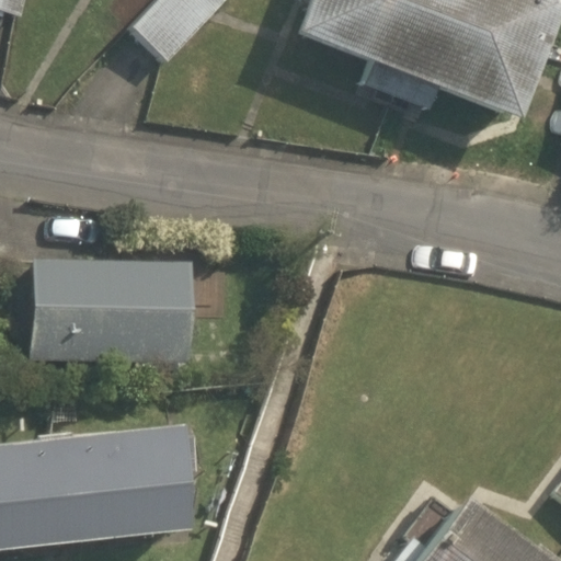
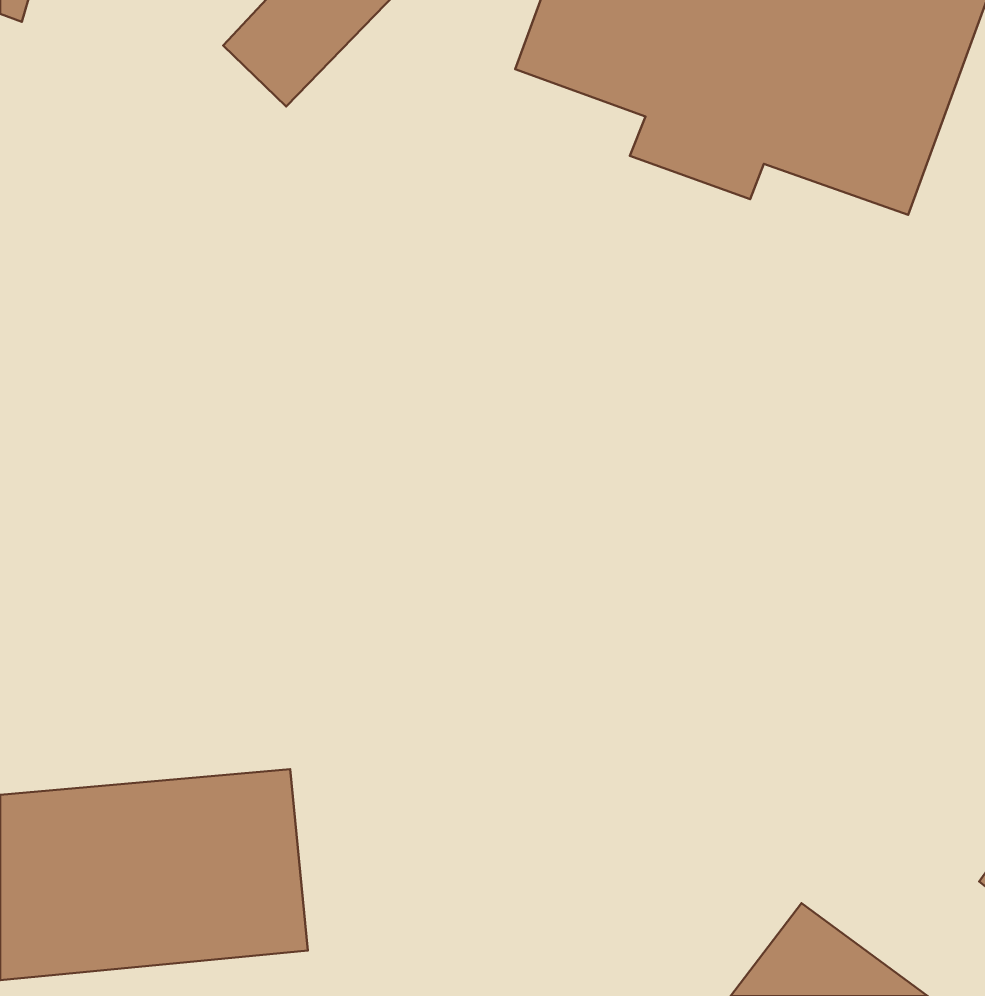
building: [31,257,196,363] -> none

